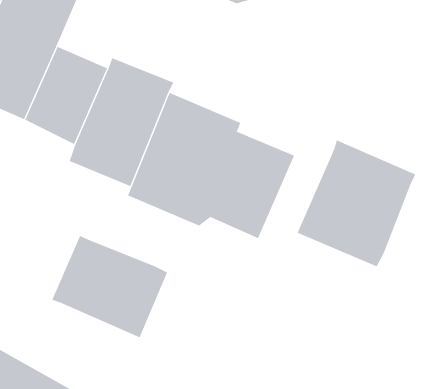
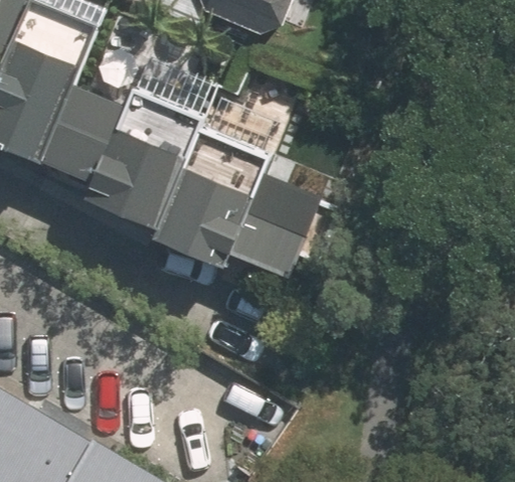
building: [297,140,416,267] -> none
building: [51,235,168,338] -> none

